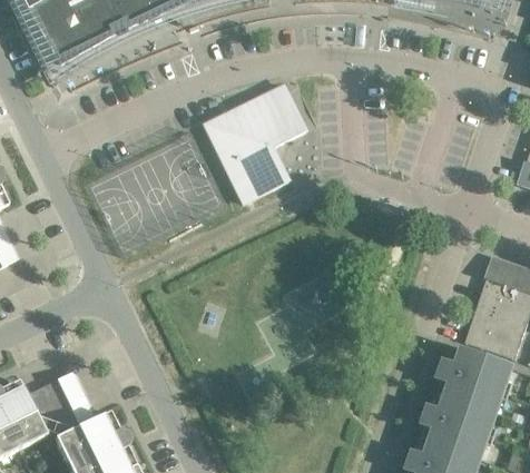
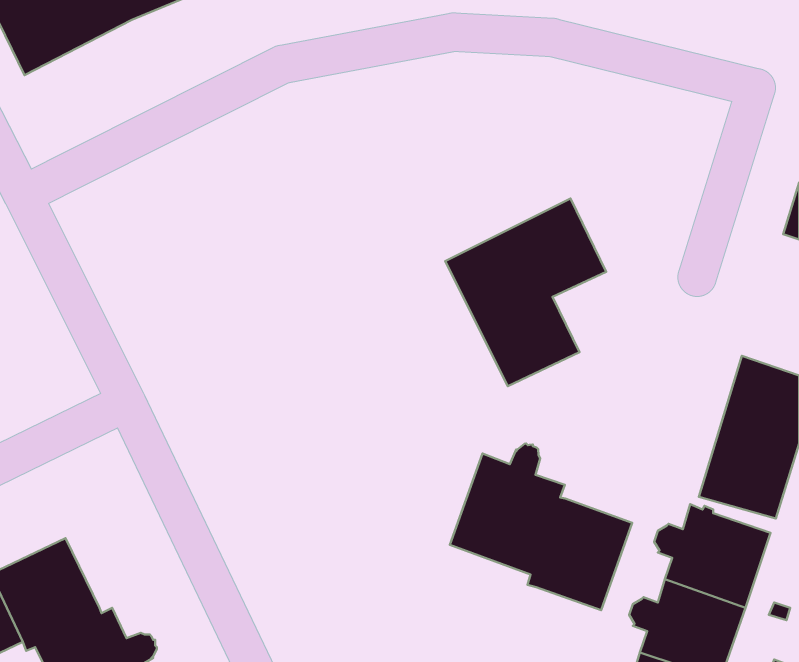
building: [205,83,305,200] -> [445,199,606,386]
building: none -> [450,444,632,610]

